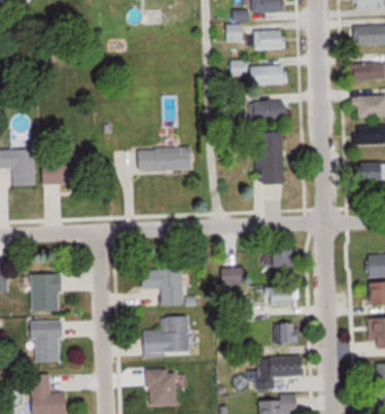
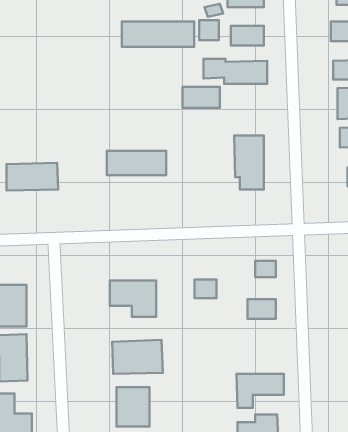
building: none -> [122,21,194,47]
building: [253,101,288,120] -> [182,87,220,108]
building: [272,322,295,343] -> none

